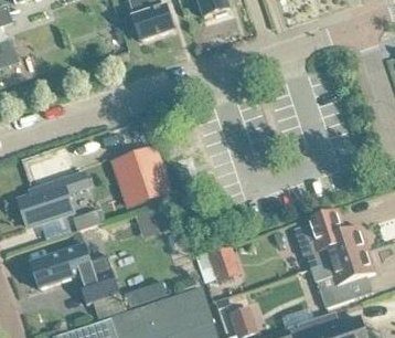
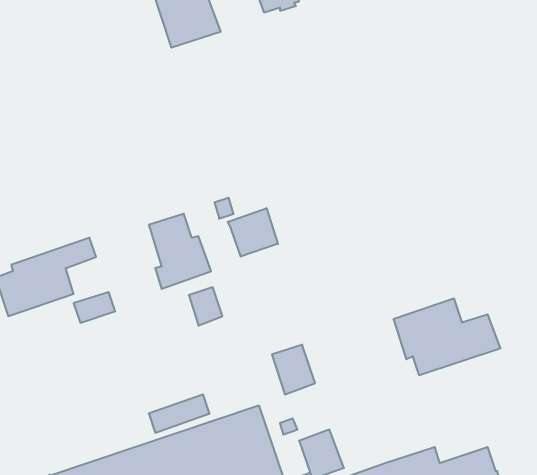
building: none -> [228,208,278,257]
building: [31,245,119,305] -> none
building: [311,249,375,308] -> none

